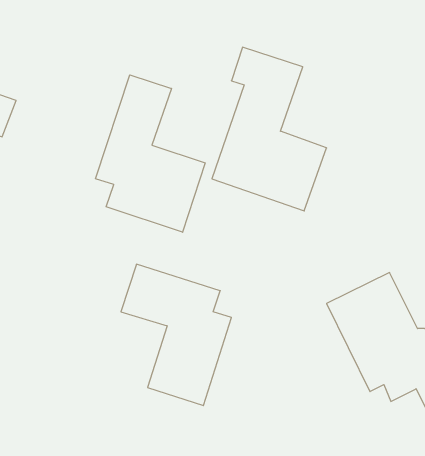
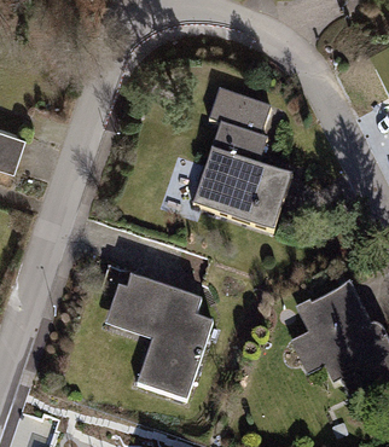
building: [95,75,205,232] -> none

